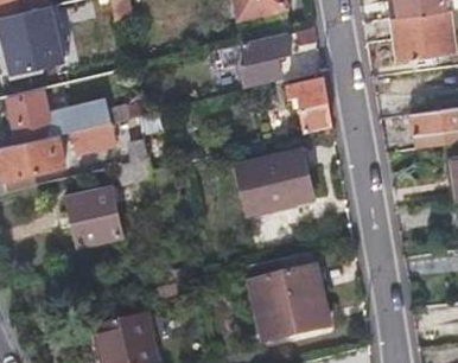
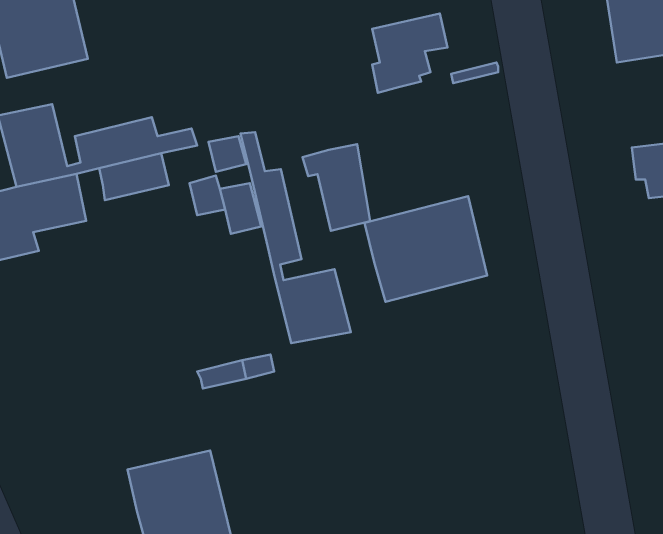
building: [290,77,332,132] -> [303,144,370,231]
building: none -> [240,132,351,343]
building: [69,189,121,247] -> none
building: [248,265,320,337] -> none

